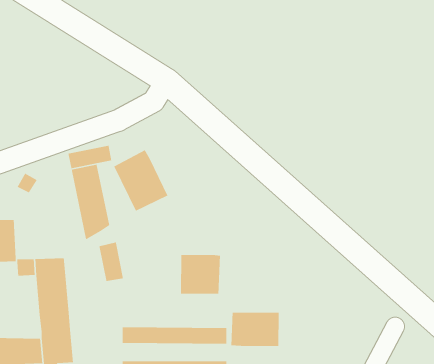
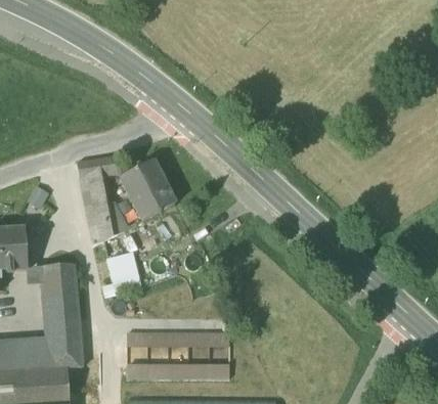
building: [180,254,221,294] -> none
building: [230,312,279,347] -> none

